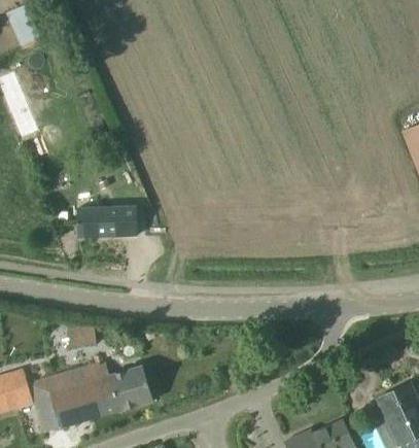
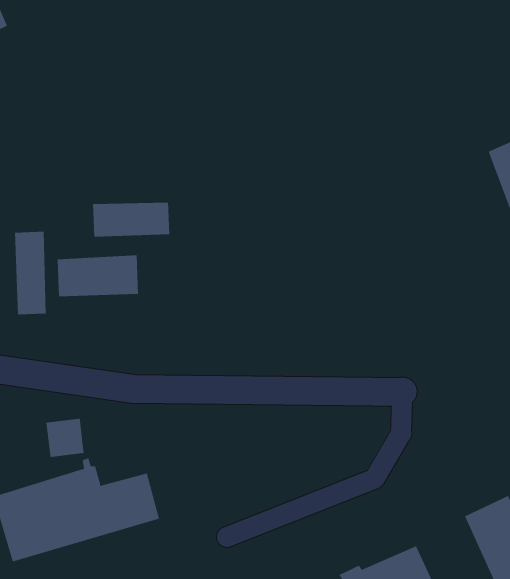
building: none -> [93,202,170,238]
building: none -> [14,231,46,315]

